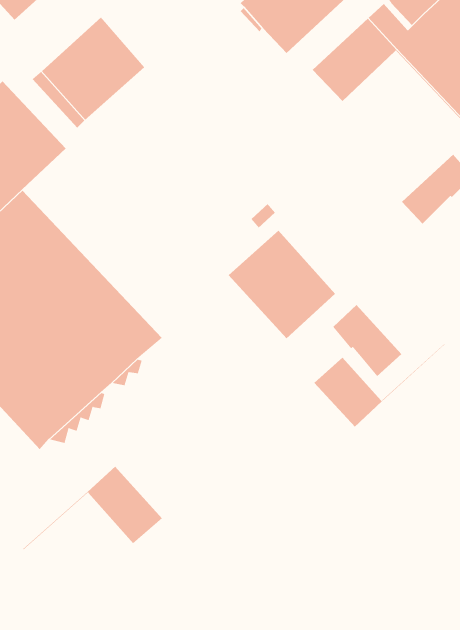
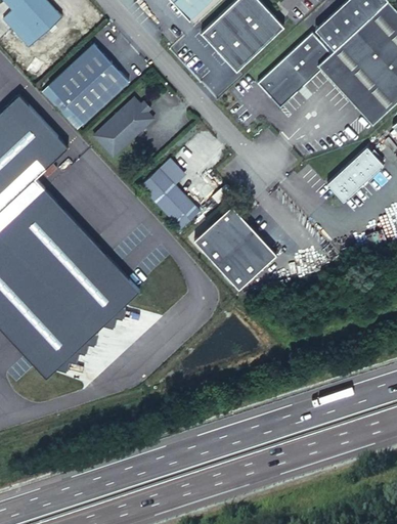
building: none -> [92,98,152,157]
building: none -> [138,159,197,231]
building: [333,304,402,377] -> none
building: [313,343,445,427] -> none
building: [22,466,163,550] -> none

